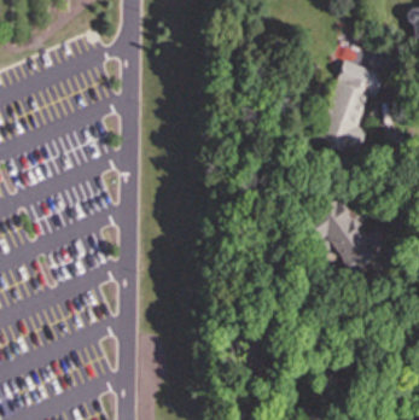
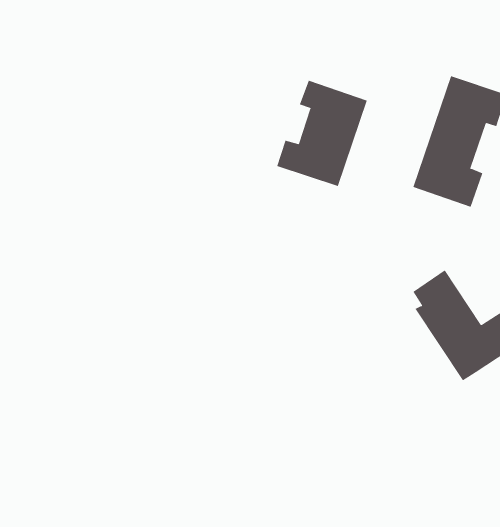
building: none -> [277,80,368,187]

